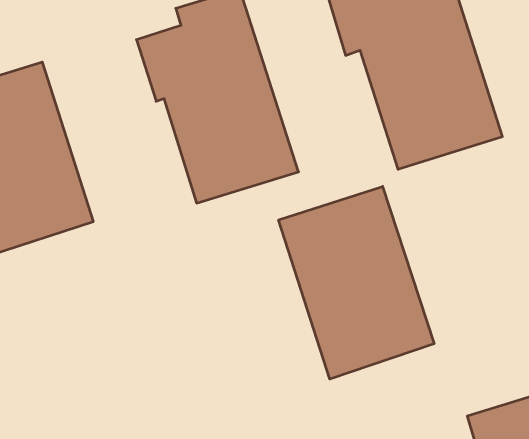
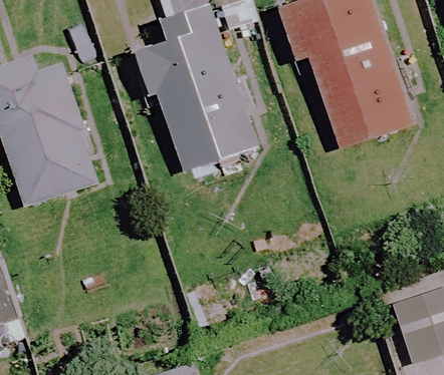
building: [279,186,434,379] -> none

